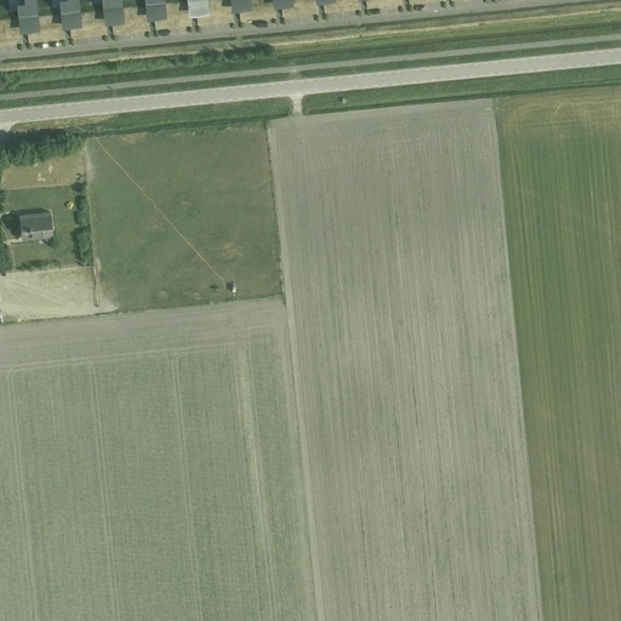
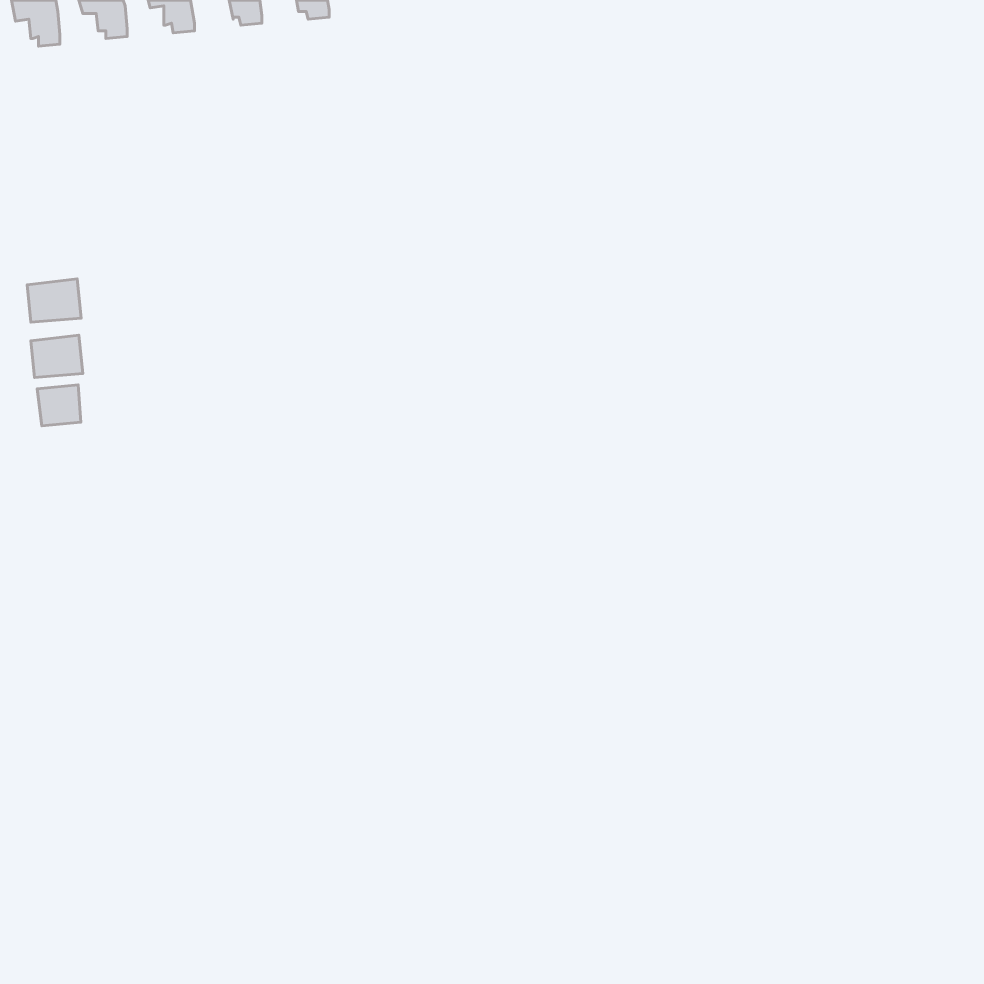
building: none -> [27,279,81,322]
building: none -> [37,385,81,426]

